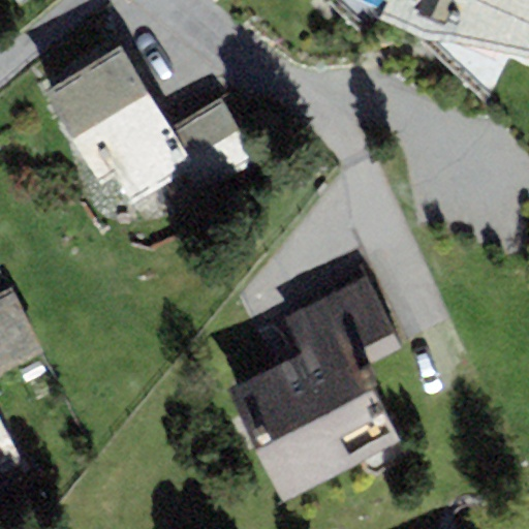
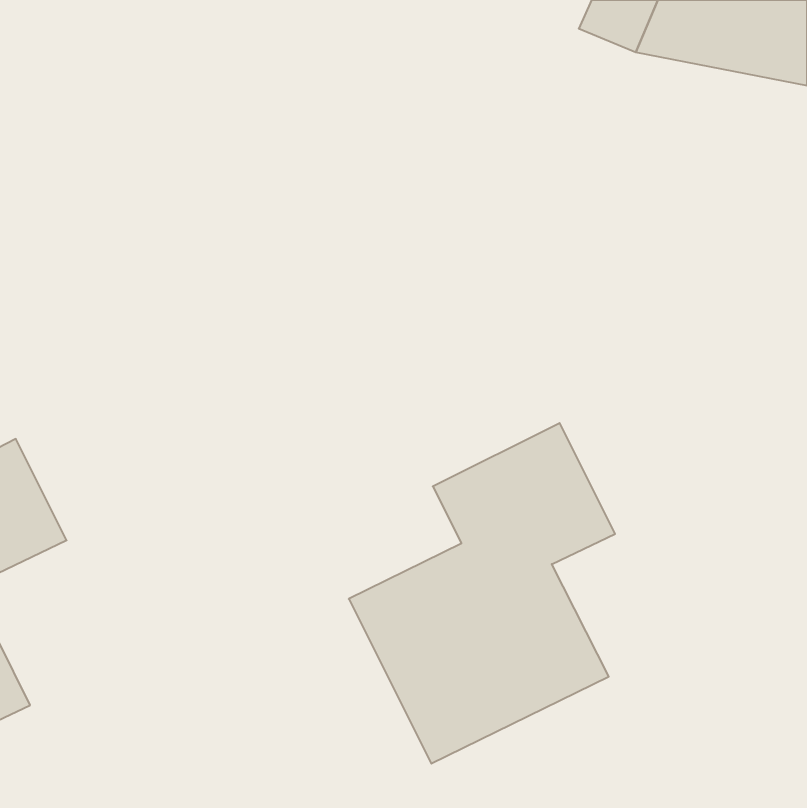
building: [45,49,255,203] -> none

